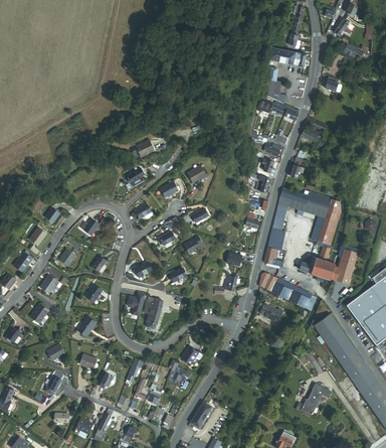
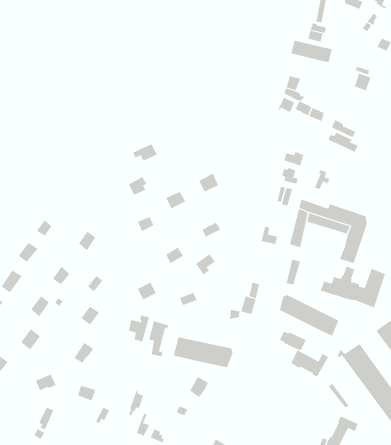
building: none -> [173,336,233,368]
building: none -> [290,350,329,377]

